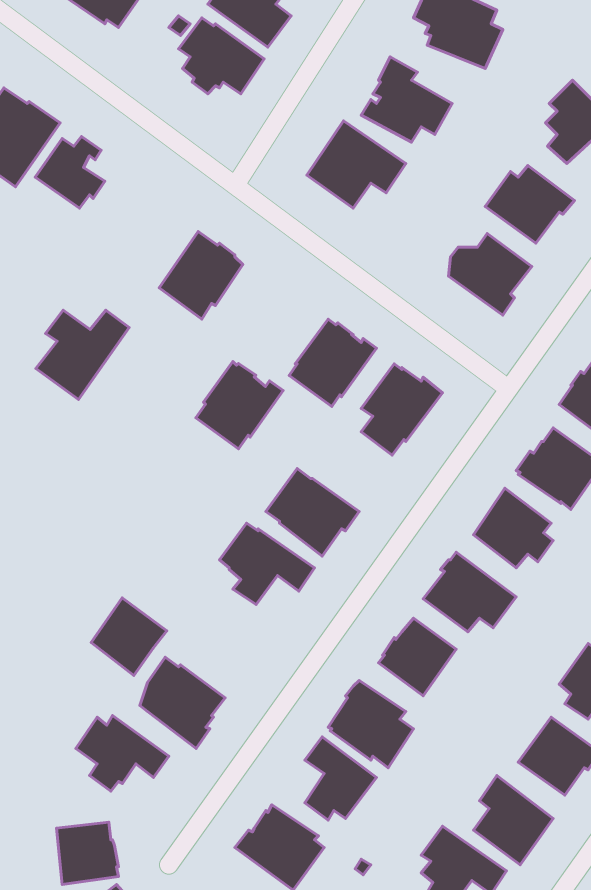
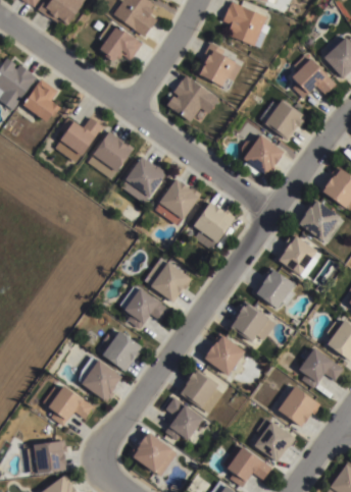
building: [36,310,129,399] -> [54,116,103,163]
building: [196,361,283,449] -> [121,157,167,203]
building: [91,598,167,675] -> [103,331,143,372]

